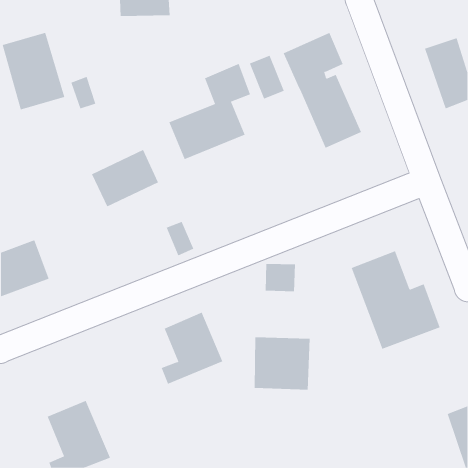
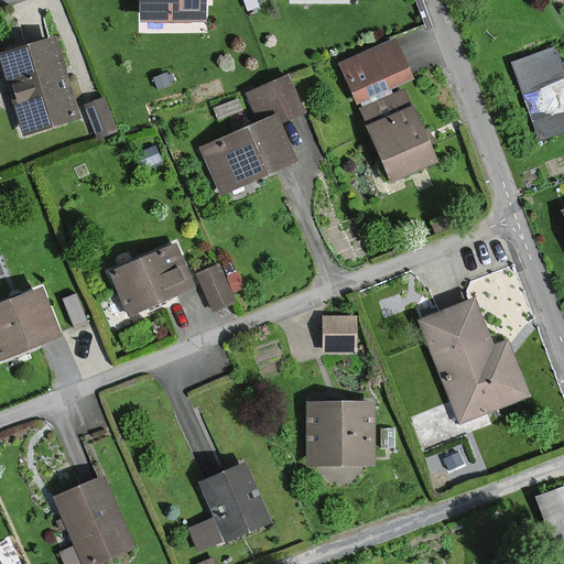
building: [249,55,284,99] -> none
building: [91,149,159,207] -> [110,243,192,313]
building: [161,312,223,384] -> [195,464,270,551]

